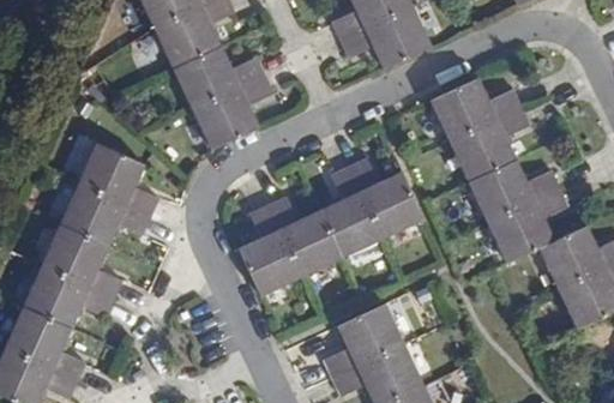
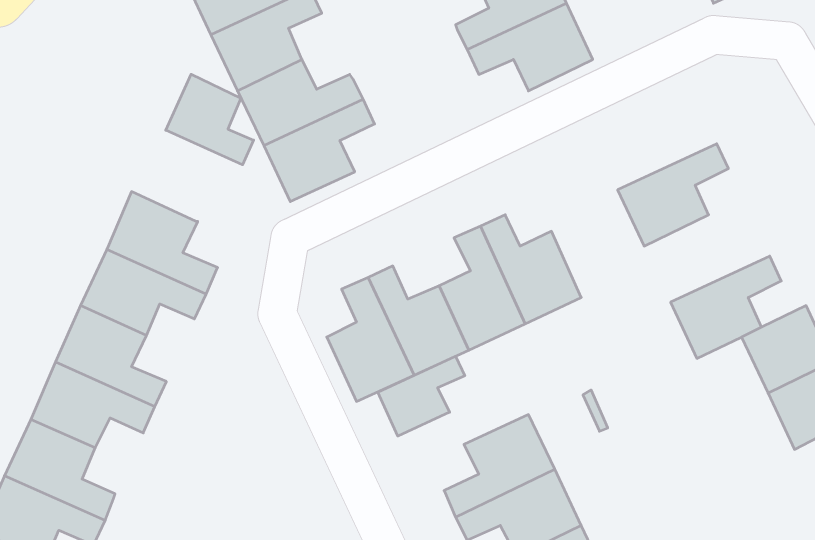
building: none -> [166,74,254,165]
building: [429,78,520,142] -> none
building: [468,160,559,223] -> none
building: none -> [378,356,465,436]

